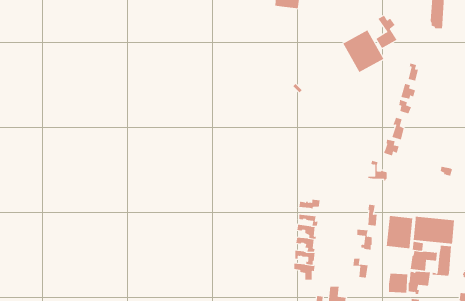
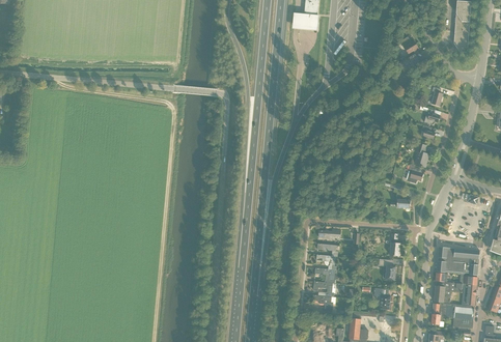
building: [343,29,384,73] -> none
building: [386,215,413,249] -> none
building: [388,270,408,293] -> [452,304,473,327]

